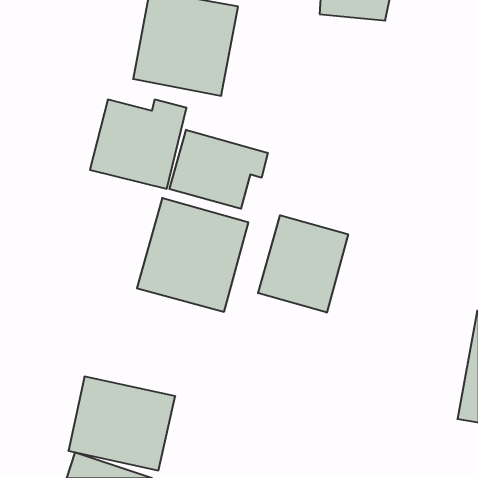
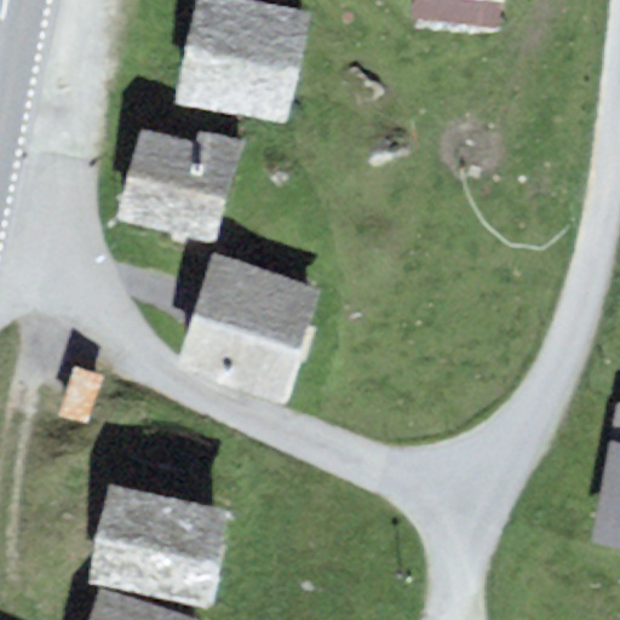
building: [169,130,268,209] -> none
building: [258,215,348,313] -> none

